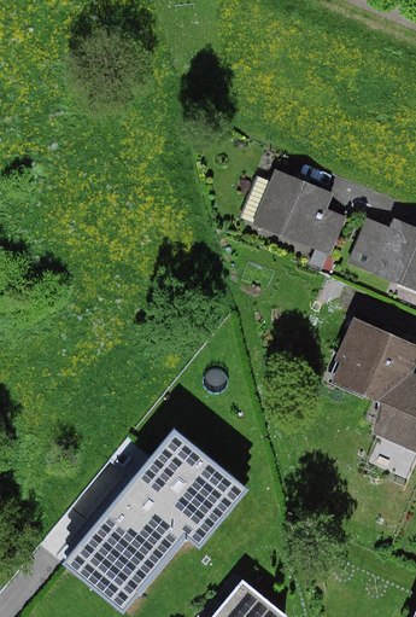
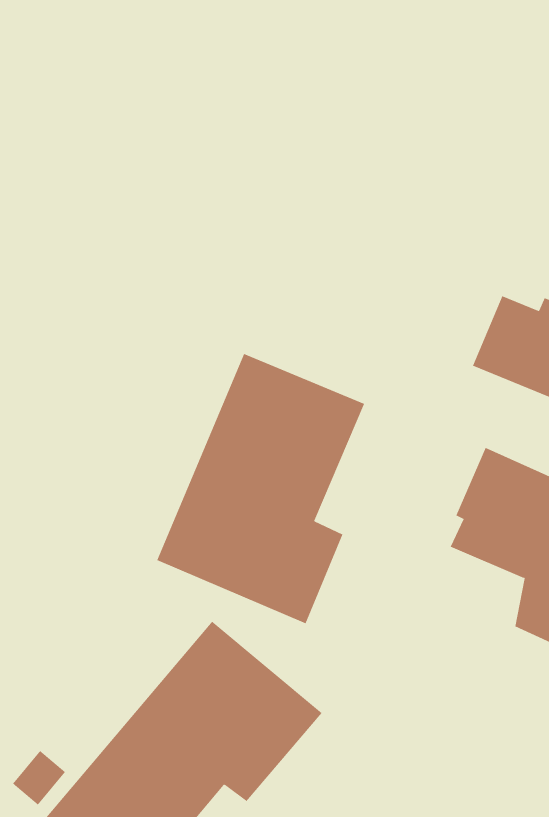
building: [238,169,344,273] -> none
building: none -> [157,353,365,624]

